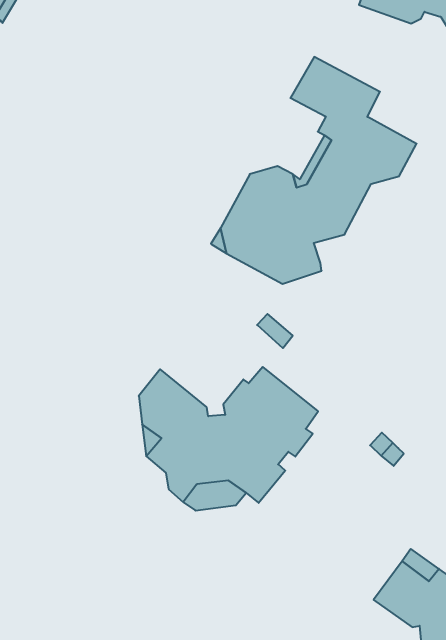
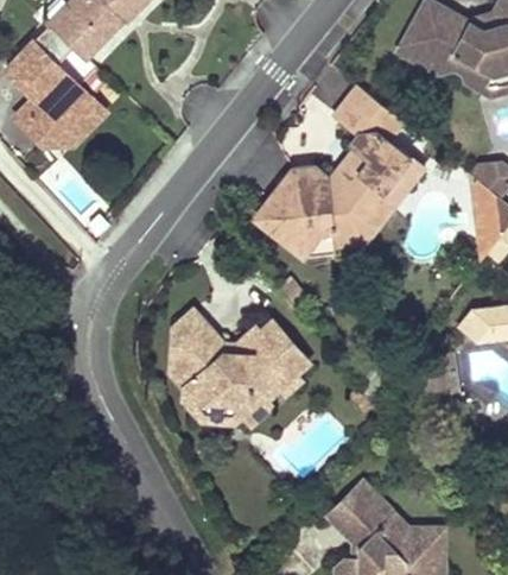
building: none -> [331,190,406,247]

